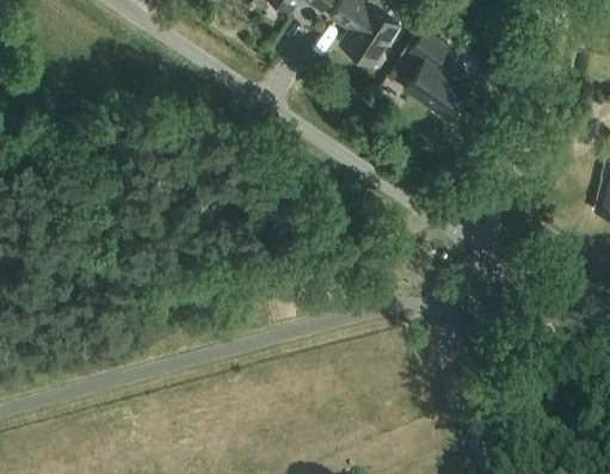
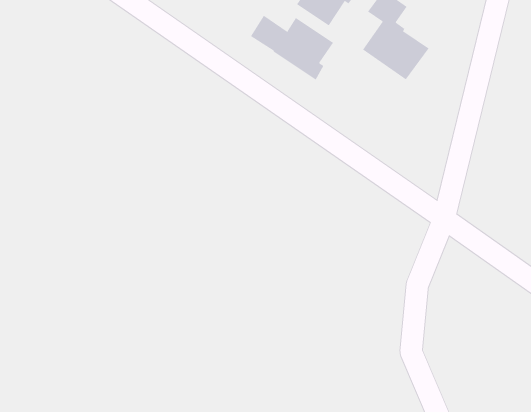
building: none -> [250,15,334,81]

